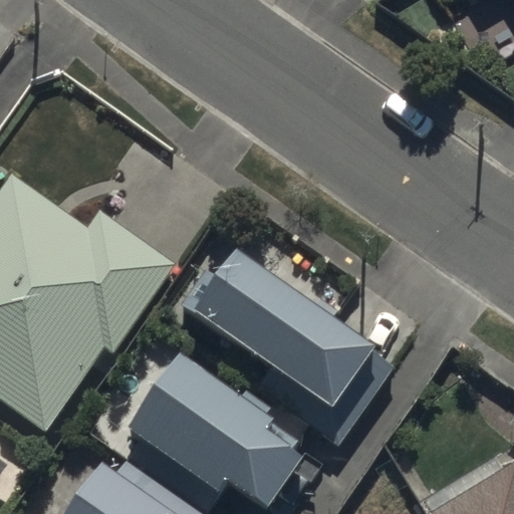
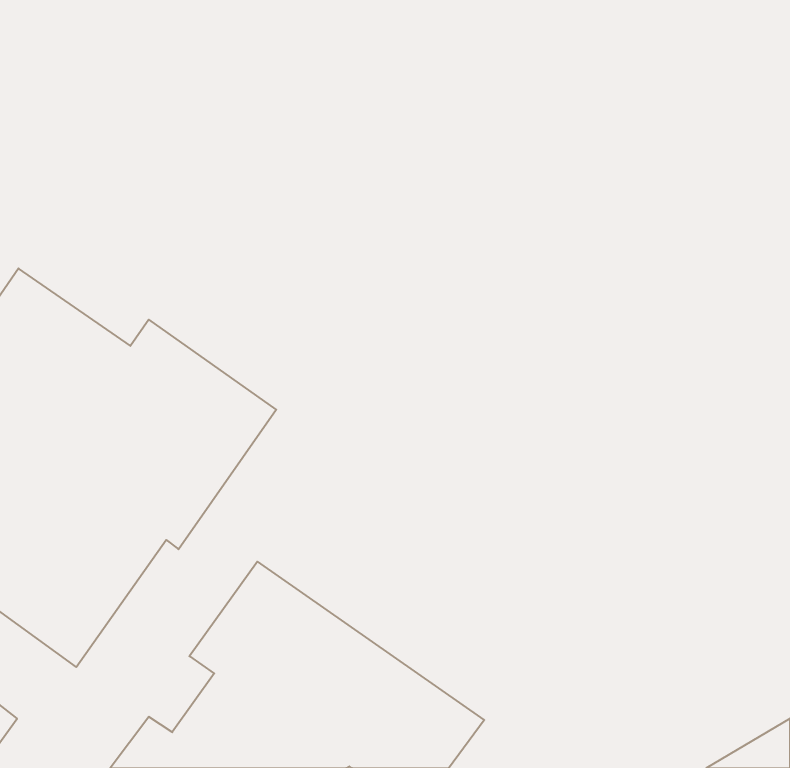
building: [185,248,389,426] -> none

